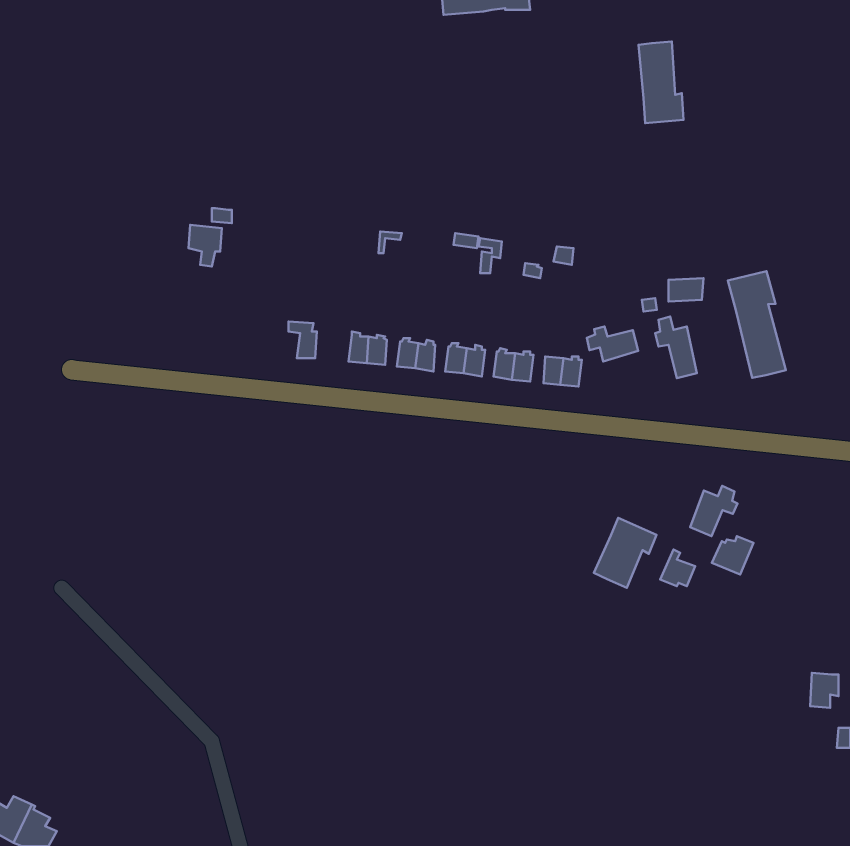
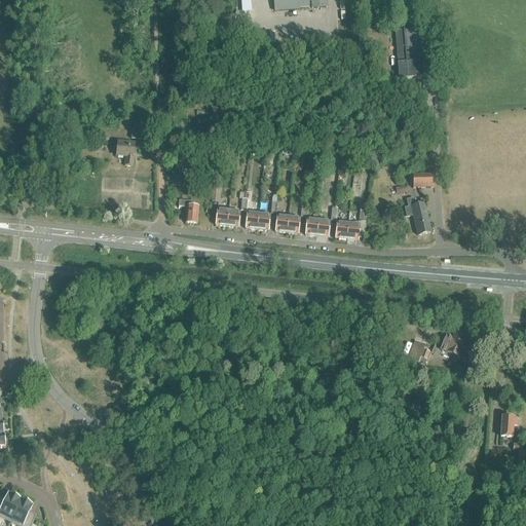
building: [728,271,786,378] -> none
building: [587,327,638,361] -> none
building: [690,486,737,536] -> none
building: [594,518,656,588] -> none

